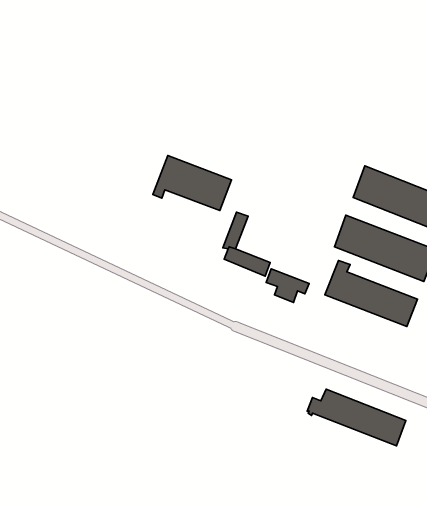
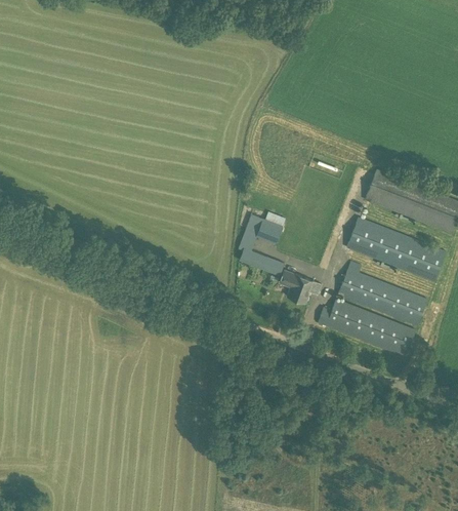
building: [153,156,232,211] -> none
building: none -> [255,218,283,243]
building: [307,389,406,446] -> [318,300,414,355]

